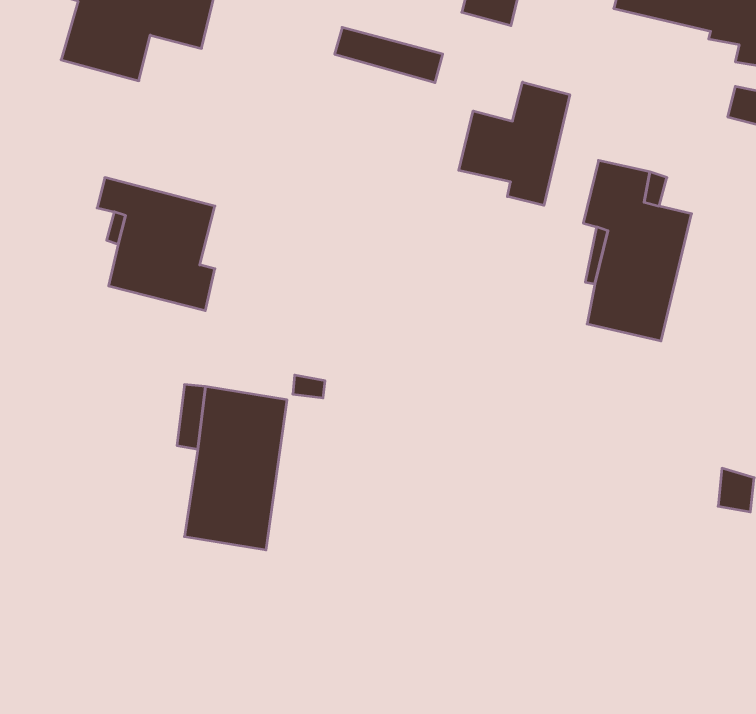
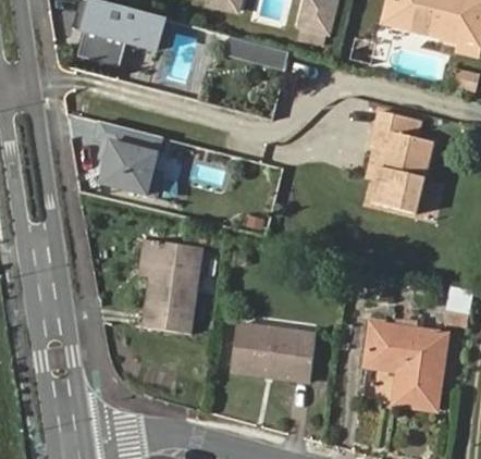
building: [459,82,570,205] -> none
building: none -> [231,324,301,379]
building: none -> [370,327,445,406]

